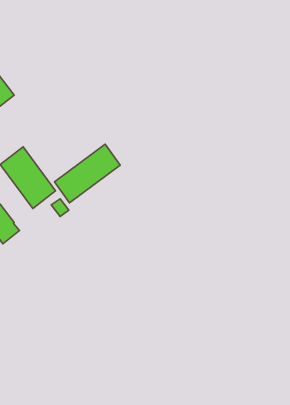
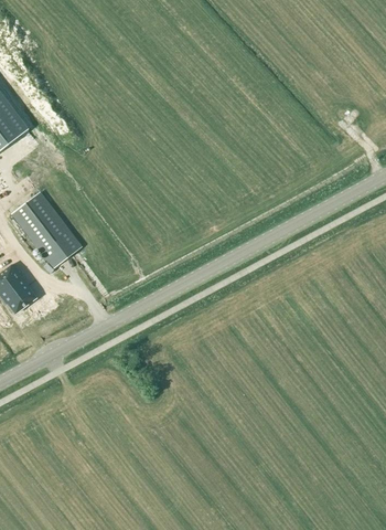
building: [54,144,120,203] -> none

